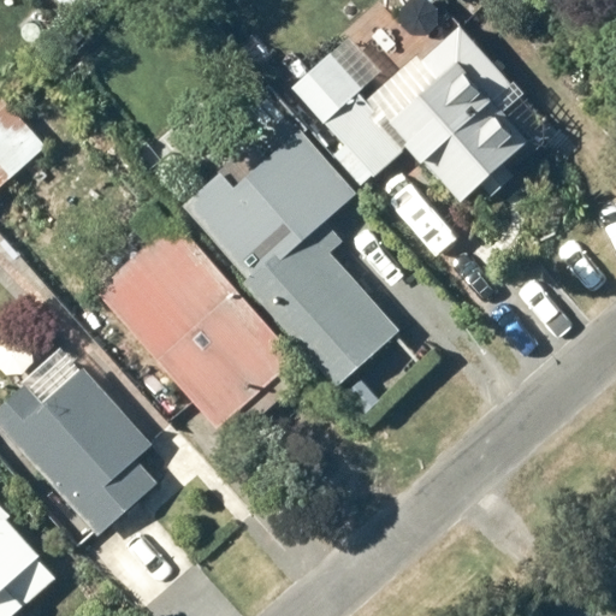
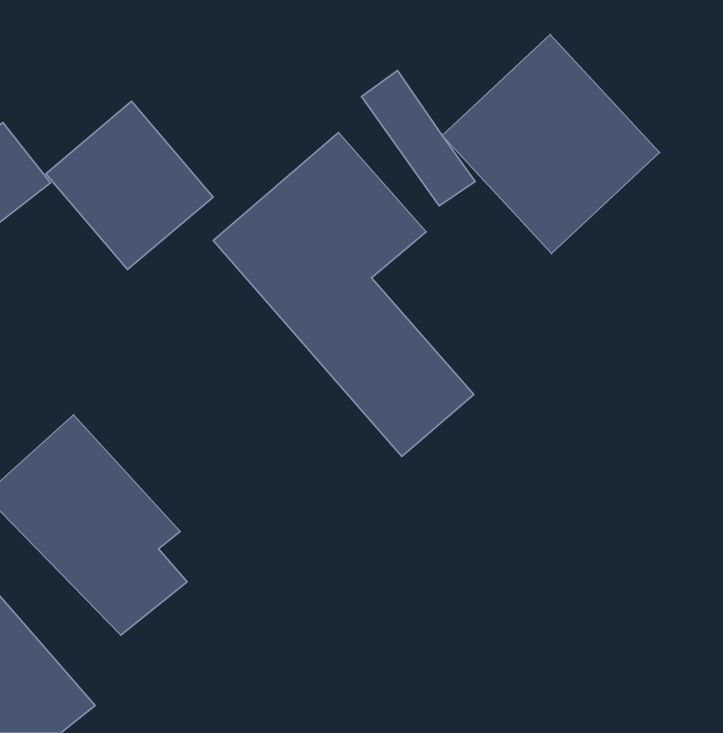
building: none -> [46,101,213,270]
building: [93,218,294,427] -> none

